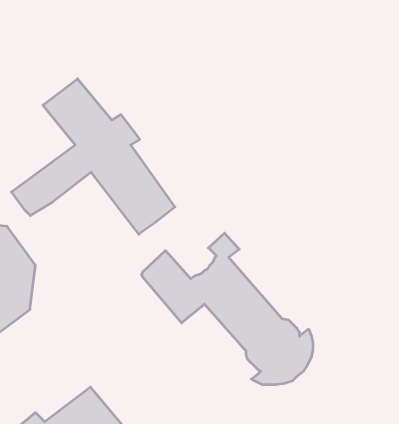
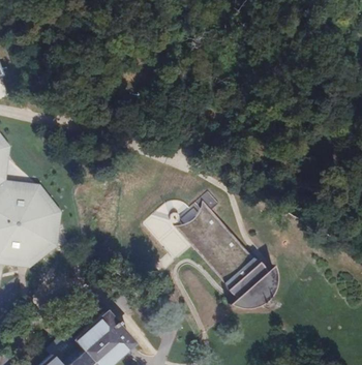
building: [11,79,175,234] -> none

